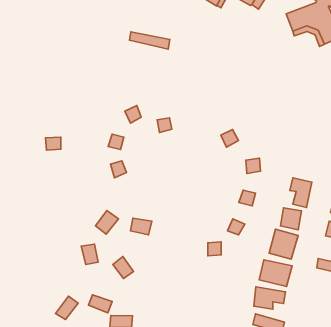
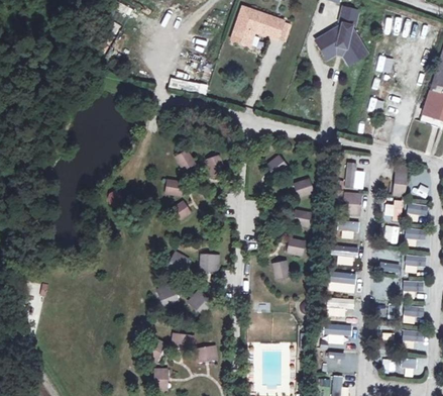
building: none -> [345,163,364,188]

